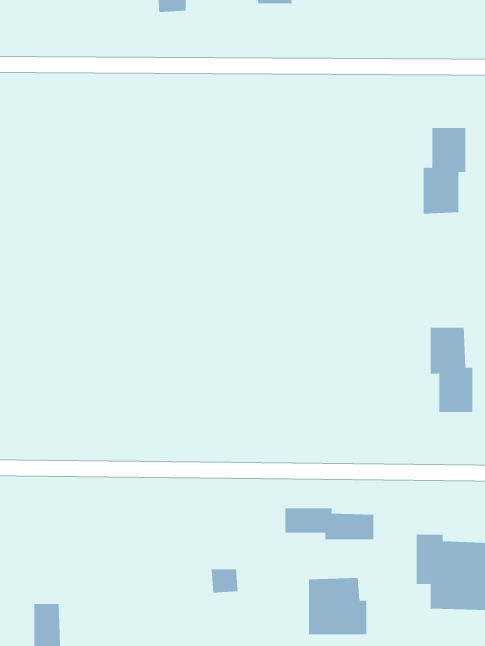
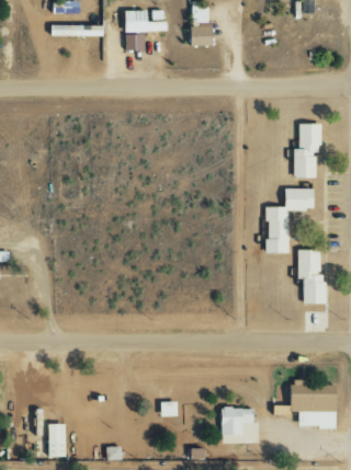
building: none -> [267,187,314,252]
building: [285,508,374,540] -> none

